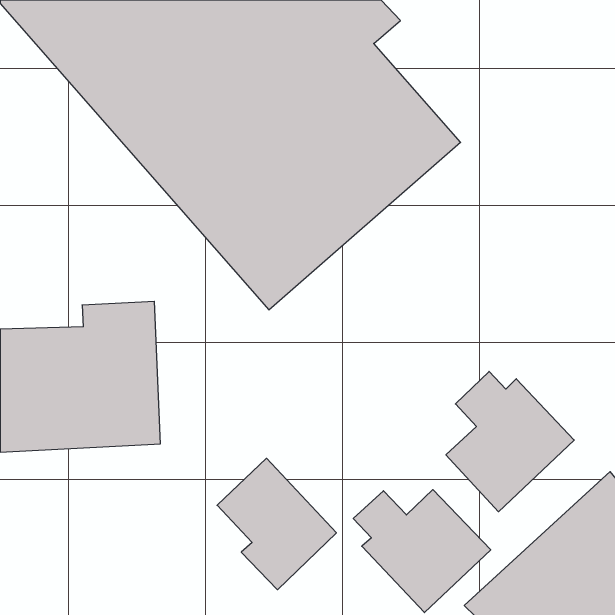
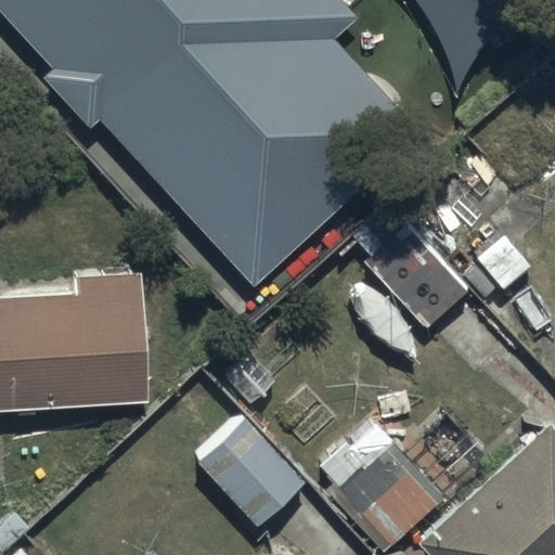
building: none -> [351,205,467,327]
building: [446,371,574,512] -> none

